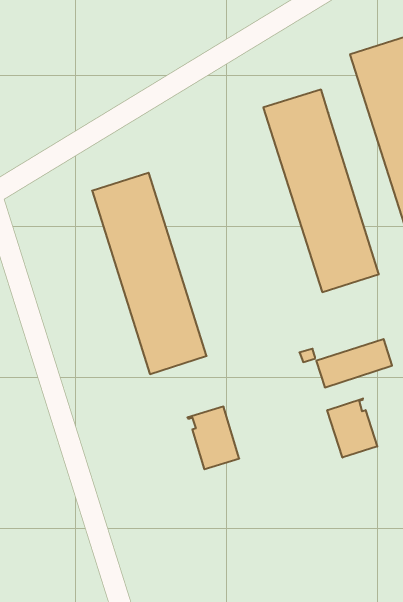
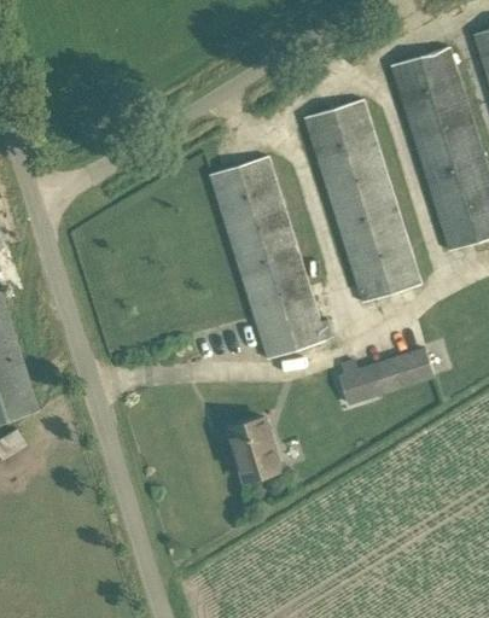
building: [92,173,207,374] -> [211,157,326,358]
building: [327,398,377,458] -> none

